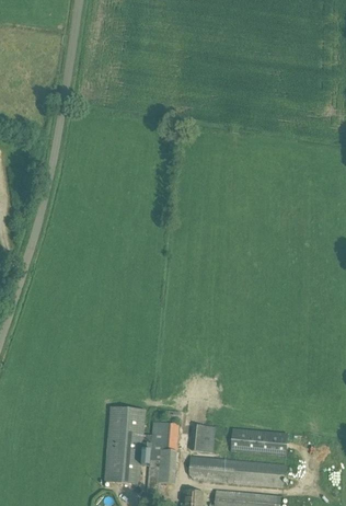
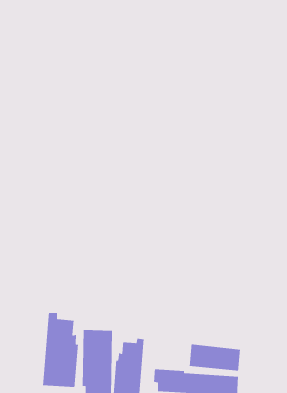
building: none -> [42,312,79,388]
building: [197,424,217,450] -> none

